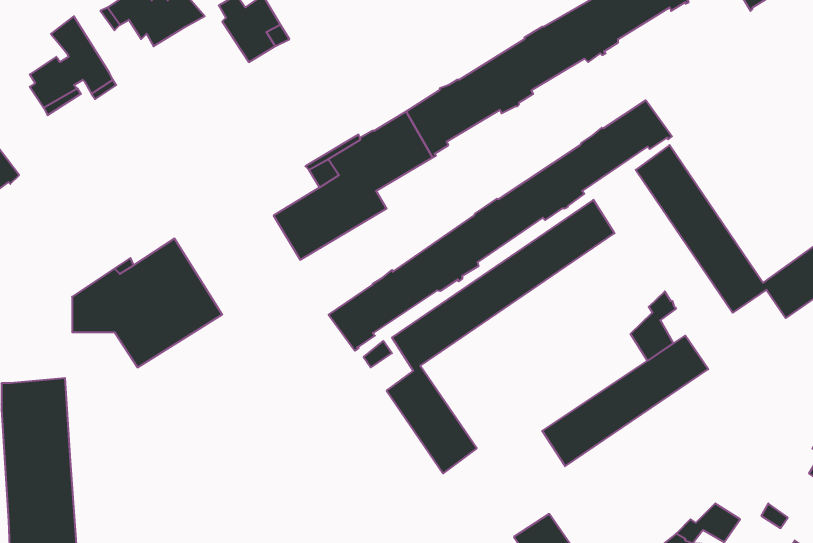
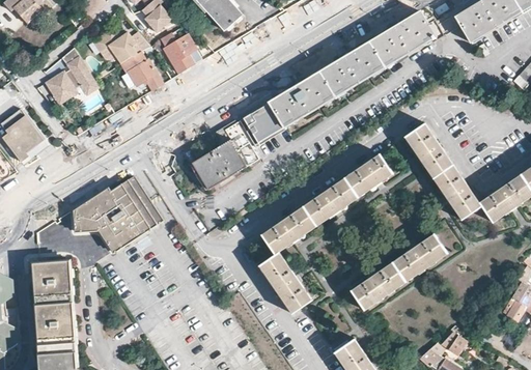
building: none -> [118,52,162,90]
building: [329,100,672,351] -> none
building: [631,291,676,361] -> none

